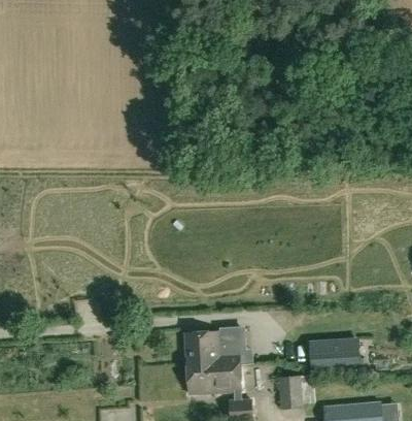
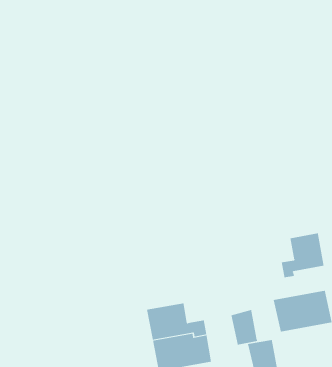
building: none -> [281,233,324,278]
building: none -> [231,309,258,346]

